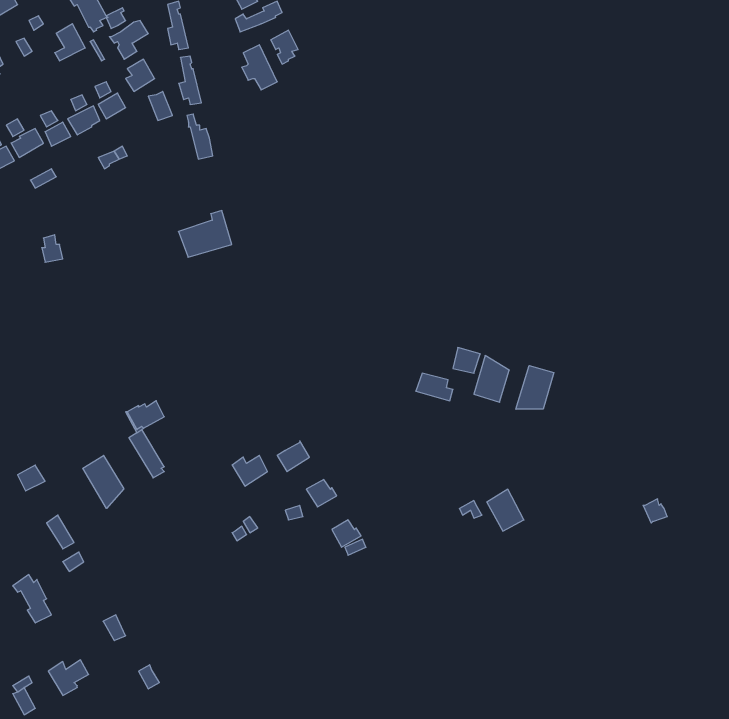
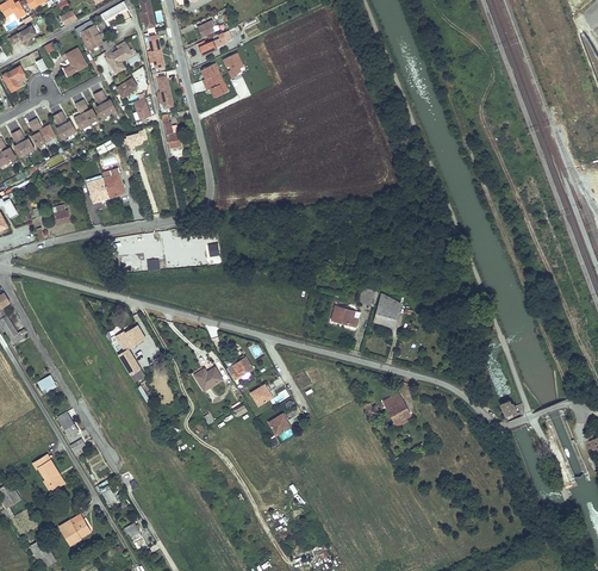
building: [178,211,232,257] -> [87,168,126,203]
building: [516,366,554,409] -> none
building: [83,455,124,508] -> none

